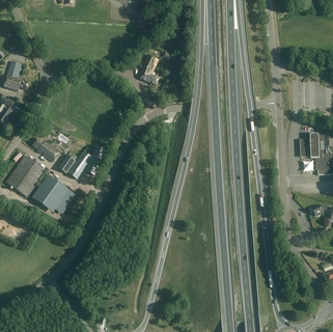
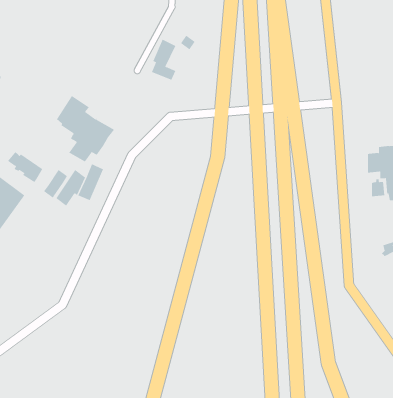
building: none -> [56,95,115,164]
building: [30,174,75,214] -> none

